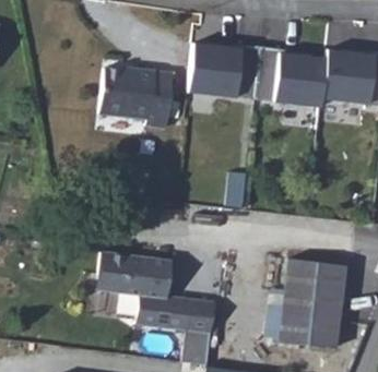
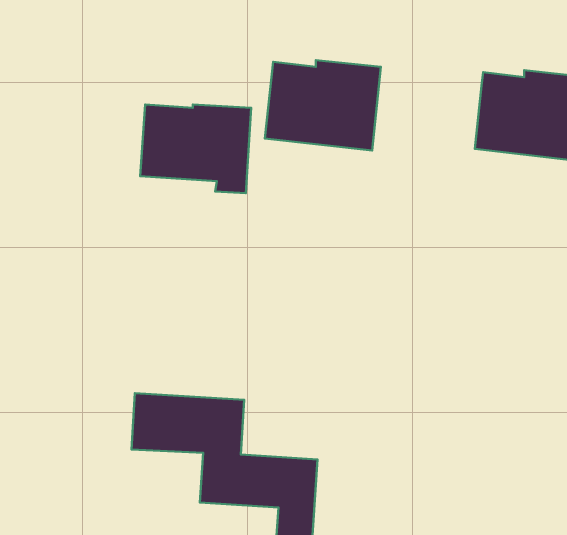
building: [250,47,320,108] -> none
building: [284,250,345,336] -> none

